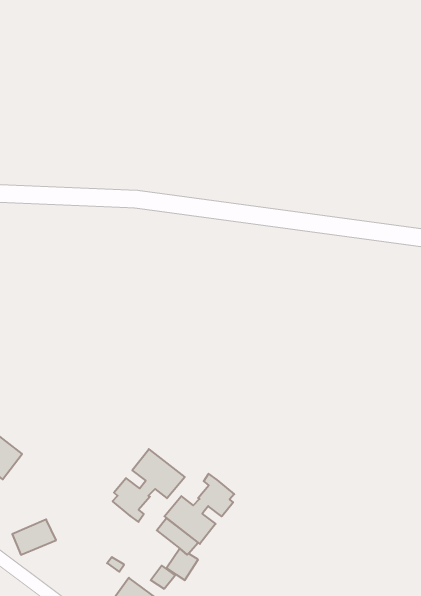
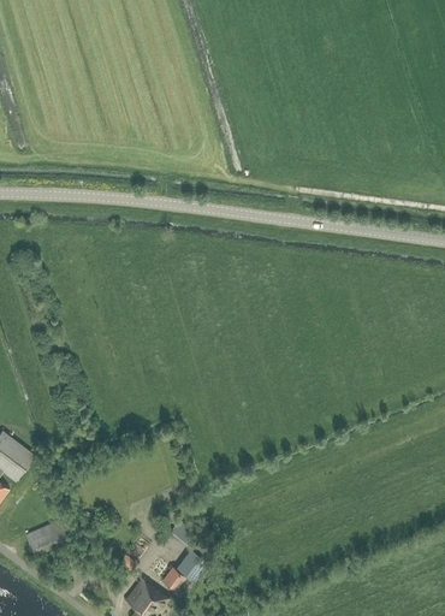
building: [113,449,185,522] -> none
building: [164,474,234,544] -> none

